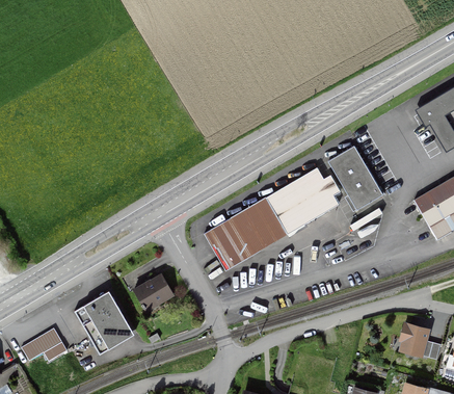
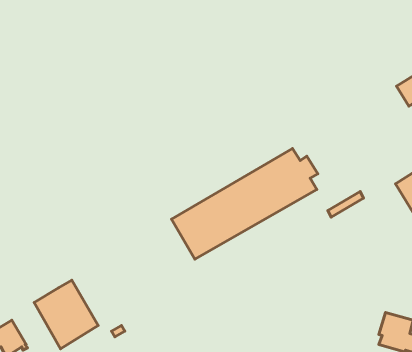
building: [327,145,384,211] -> none
building: [134,274,175,309] -> none

